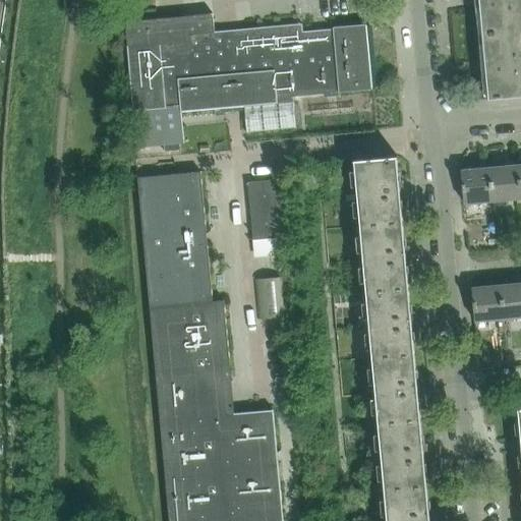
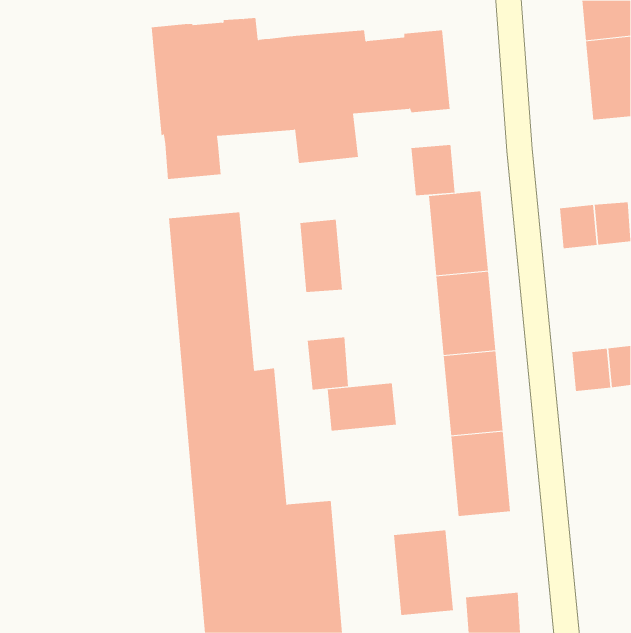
building: none -> [411,144,455,196]
building: none -> [327,382,396,431]
building: [377,420,426,490] -> [393,530,454,615]

